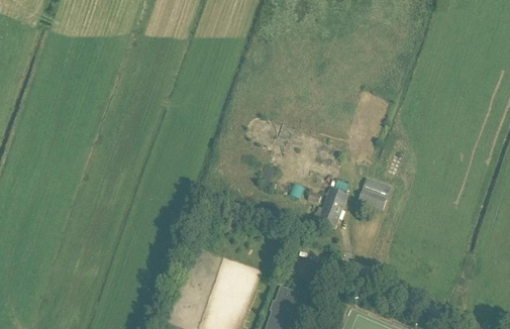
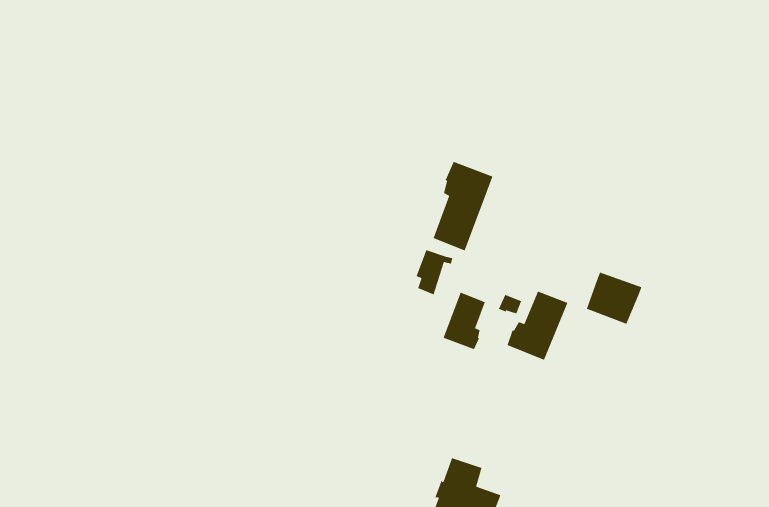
building: none -> [433,161,493,252]
building: none -> [443,292,486,350]

